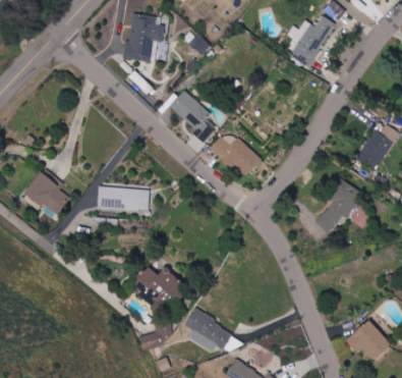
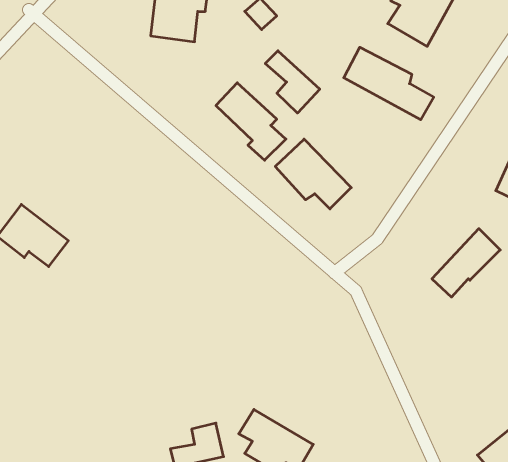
building: none -> [344,47,434,120]
building: none -> [265,51,320,113]
building: [98,185,150,210] -> none
building: [129,267,183,314] -> none

